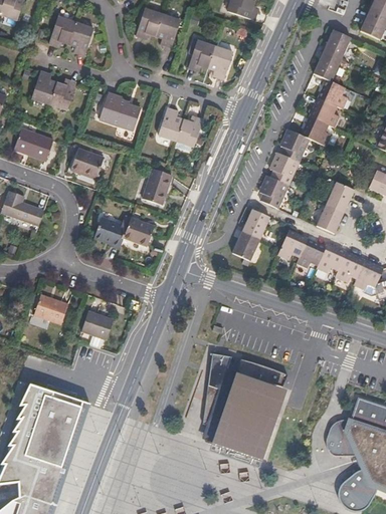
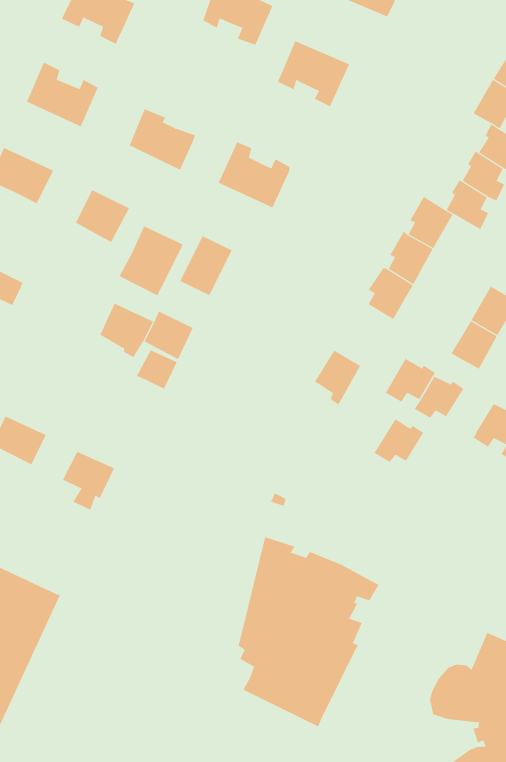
building: none -> [119,225,184,296]
building: [242,209,270,239] -> none
building: none -> [136,350,178,389]
building: [317,244,347,272] -> [374,418,424,463]

